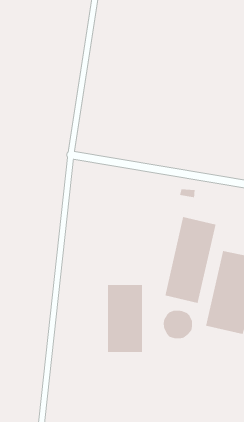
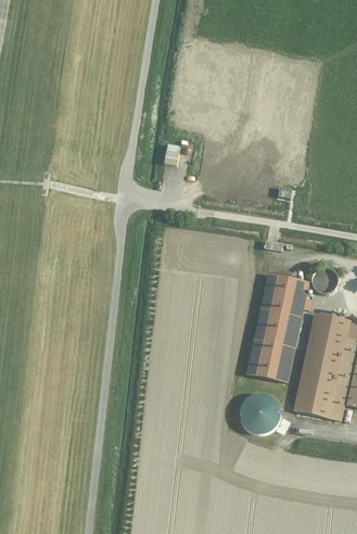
building: none -> [311,267,337,292]
building: [107,284,143,353] -> none

